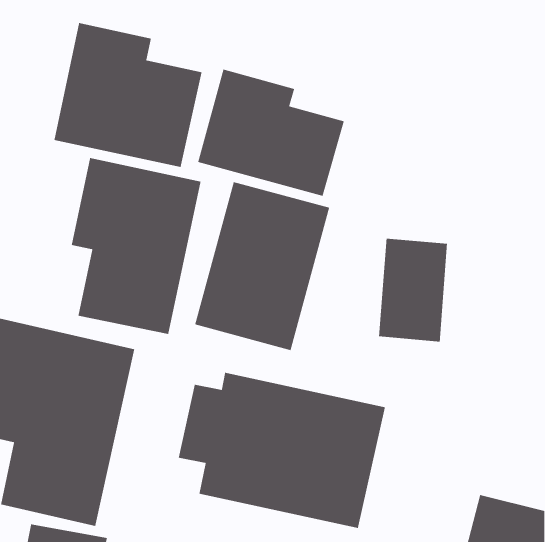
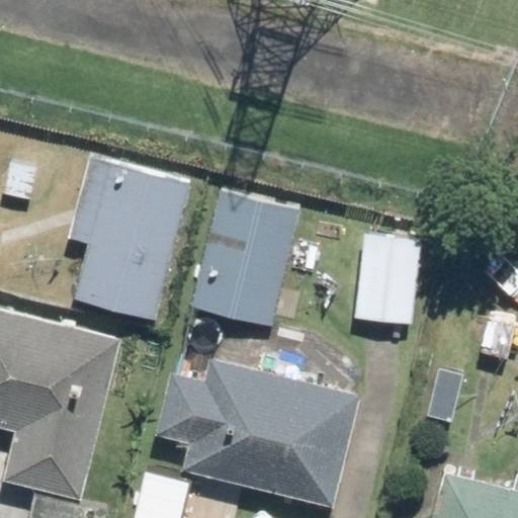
building: [53,22,203,168] -> none
building: [197,69,345,197] -> none

